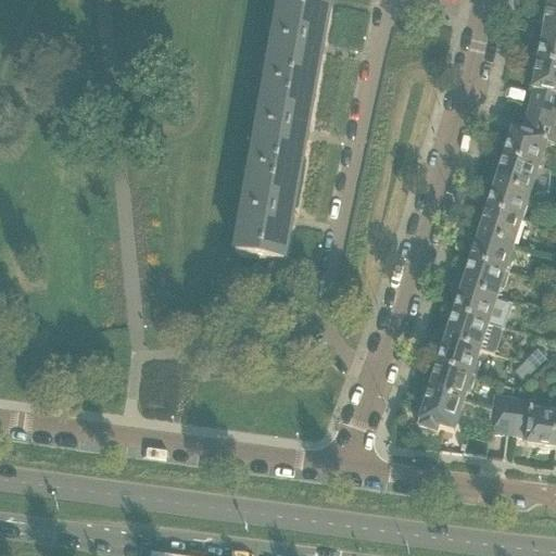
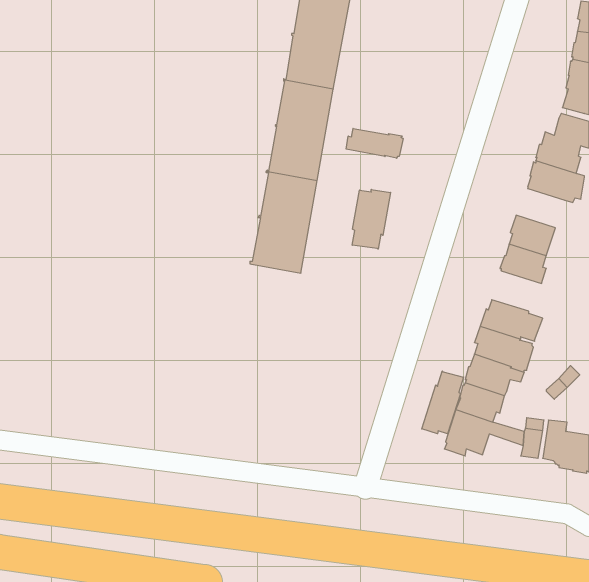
building: none -> [346,128,403,158]
building: [484,177,530,214] -> none
building: none -> [352,189,391,249]
building: [462,254,508,292] -> none
building: none -> [422,371,464,434]

